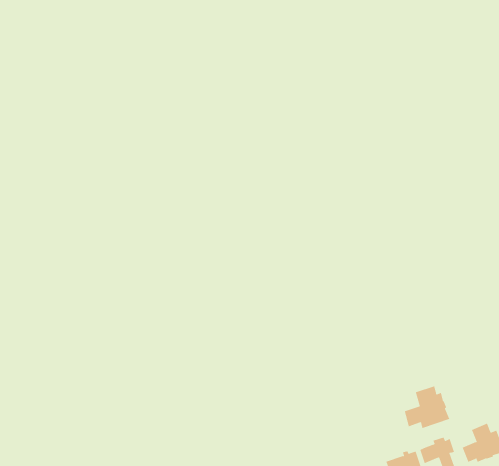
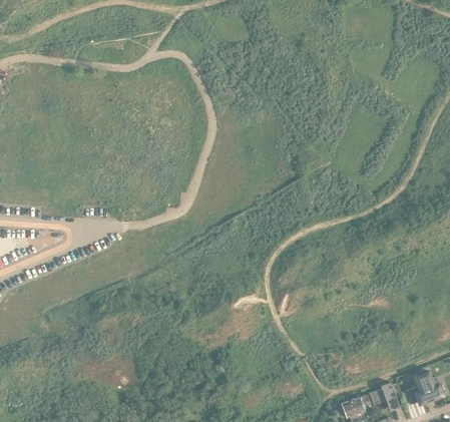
building: [404,385,450,429] -> none

